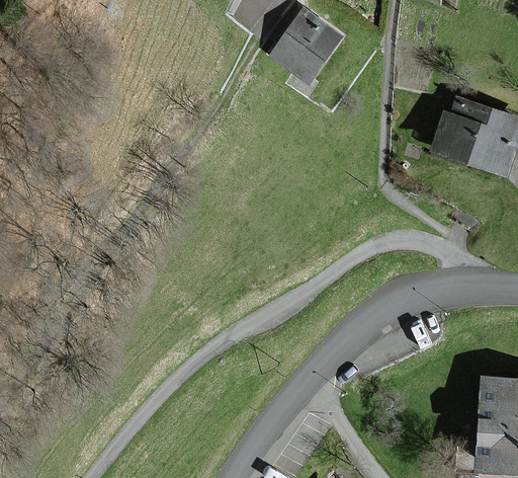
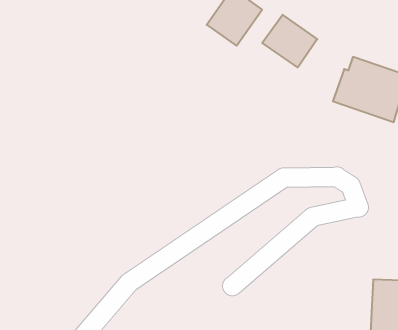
building: none -> [262,15,317,67]

